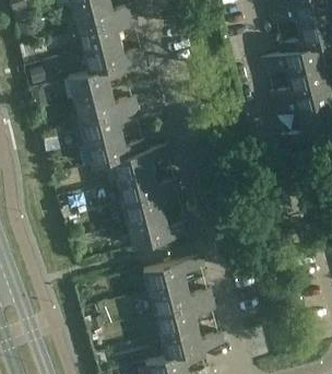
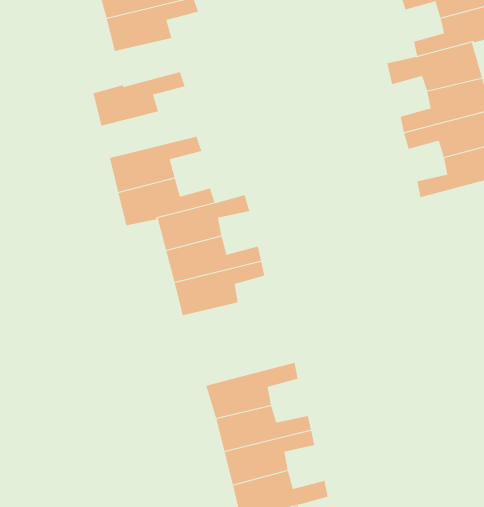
building: [82,45,146,77] -> none
building: [73,93,137,124] -> none
building: [127,219,190,250] -> none

